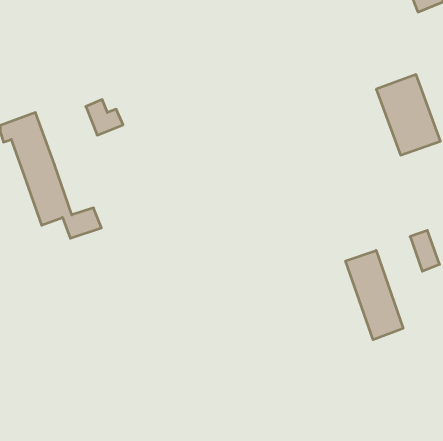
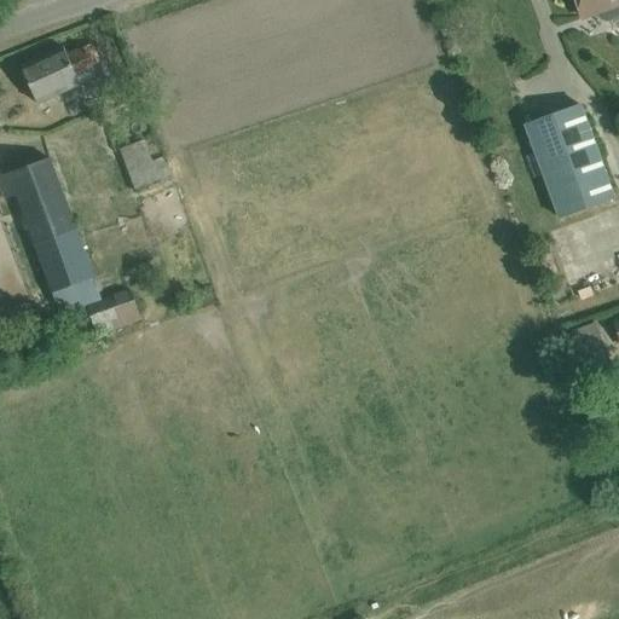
building: none -> [22,44,99,102]
building: [346,250,403,340] -> none

